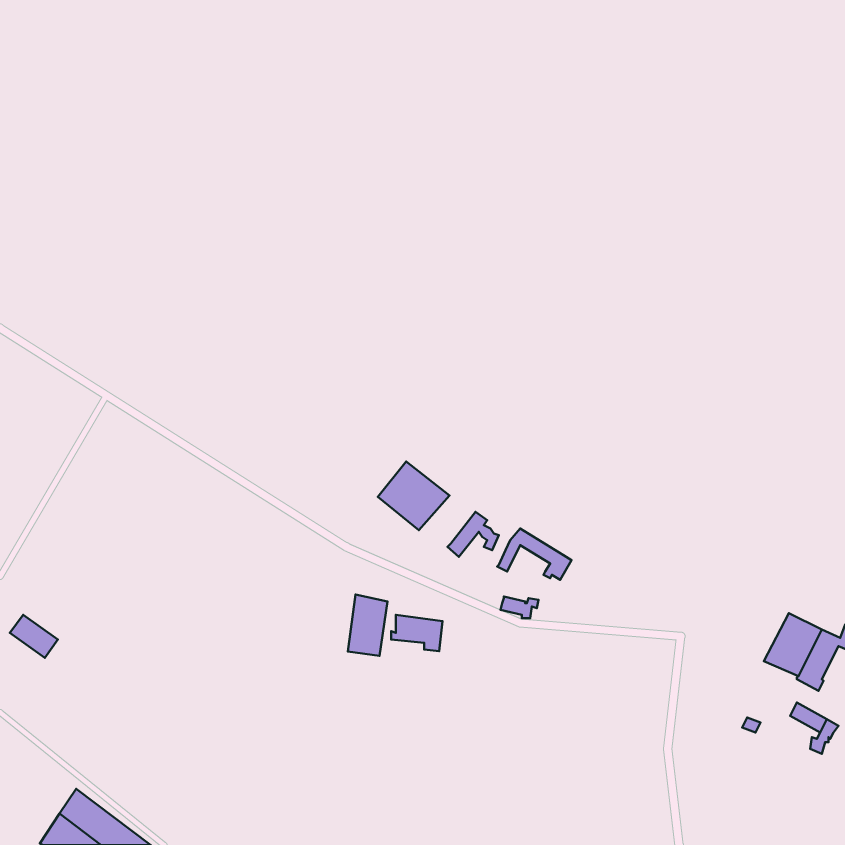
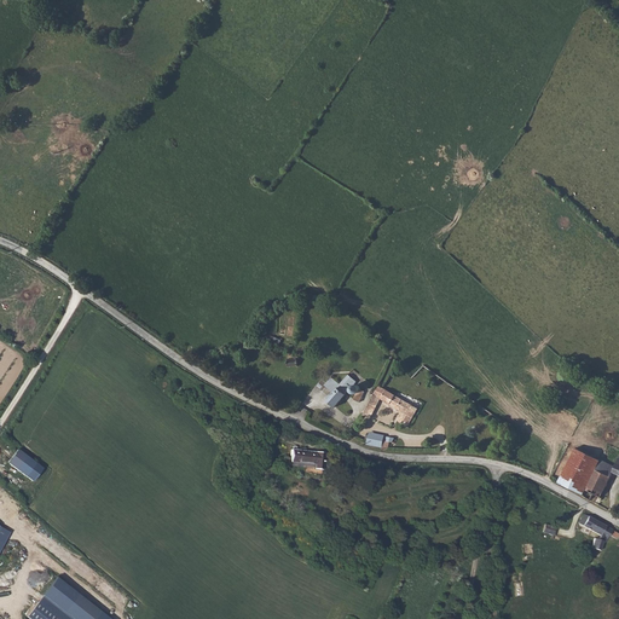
building: [378,462,450,530] -> none
building: [348,594,387,656] -> none

